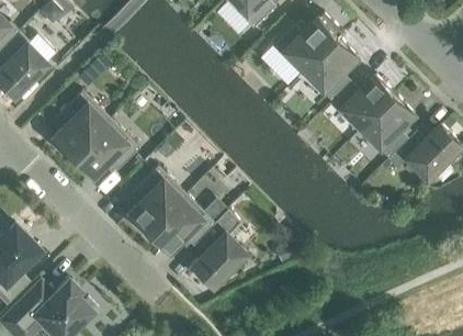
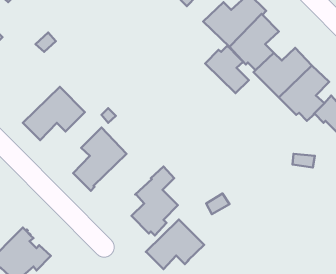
building: none -> [205,46,249,93]
building: [49,90,110,160] -> none
building: [148,195,214,251] -> [146,220,204,269]

